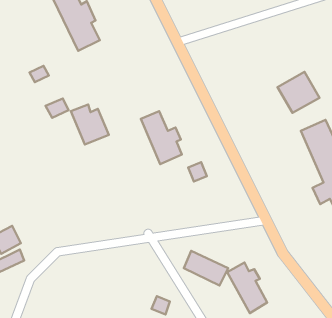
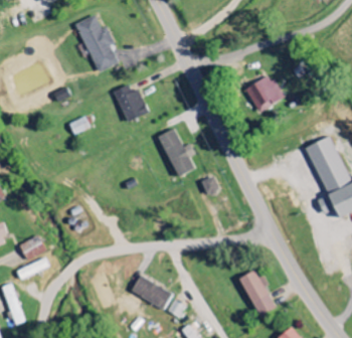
building: [277,72,320,113] -> [246,74,286,113]
building: [71,105,109,144] -> [115,84,150,122]
building: [184,251,228,286] -> [132,277,173,309]

